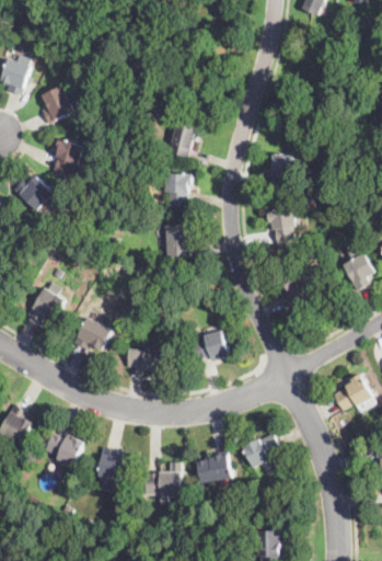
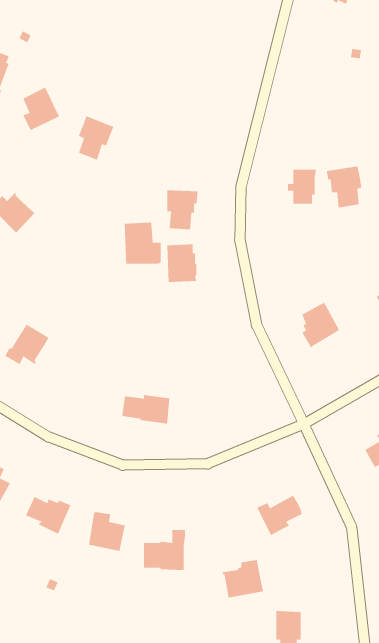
building: [167,121,196,157] -> none
building: [53,138,83,176] -> [78,115,114,160]
building: none -> [124,220,161,264]
building: [265,207,296,243] -> [326,166,362,208]
building: [72,317,112,351] -> none
building: [189,330,229,360] -> none
building: [195,450,231,483] -> [221,559,264,598]

